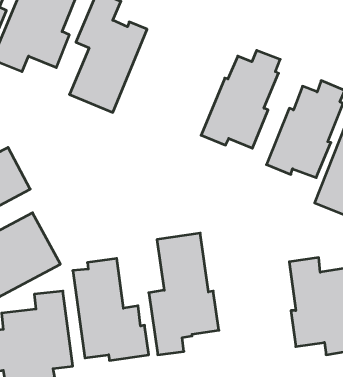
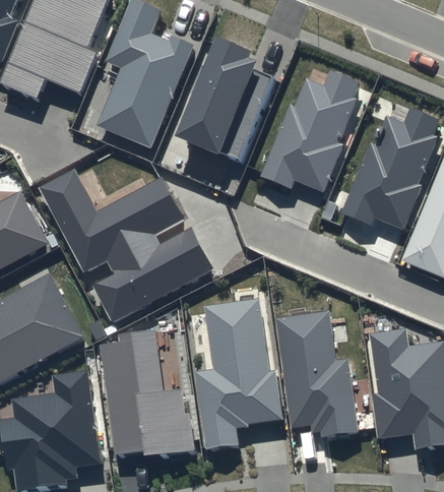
building: none -> [178,38,272,160]
building: none -> [39,169,213,322]
building: none -> [275,311,359,438]

